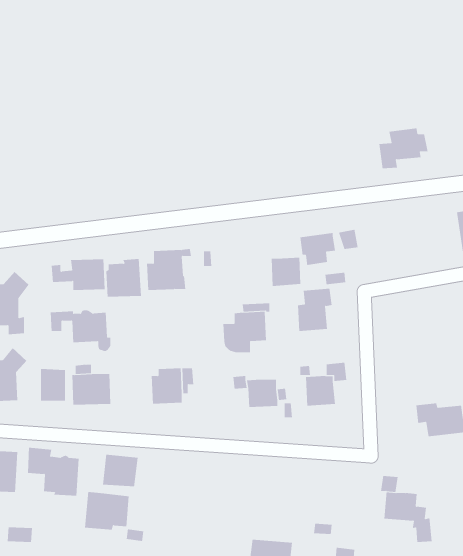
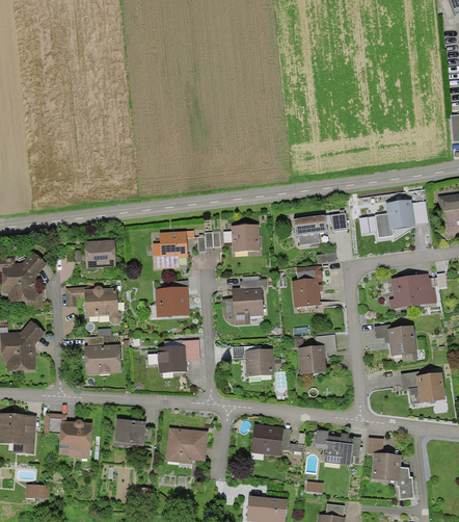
building: [378,128,428,169] -> [375,200,421,237]
building: [271,257,301,287] -> [232,225,260,252]
building: [106,259,142,297] -> [156,280,189,315]
building: none -> [388,275,436,308]
building: none -> [373,324,416,361]
building: [40,368,66,401] -> none
building: none -> [250,423,303,455]
building: none -> [315,429,360,464]
building: [84,492,130,530] -> [165,427,207,463]

